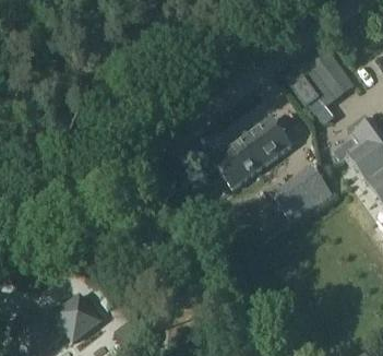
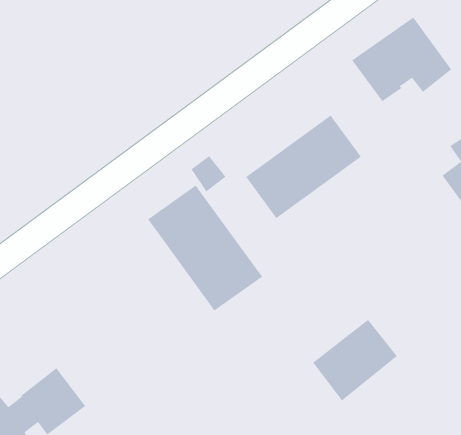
building: none -> [147,184,263,312]
building: [272,164,332,222] -> [312,319,398,401]

